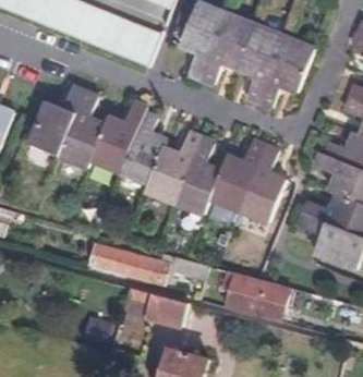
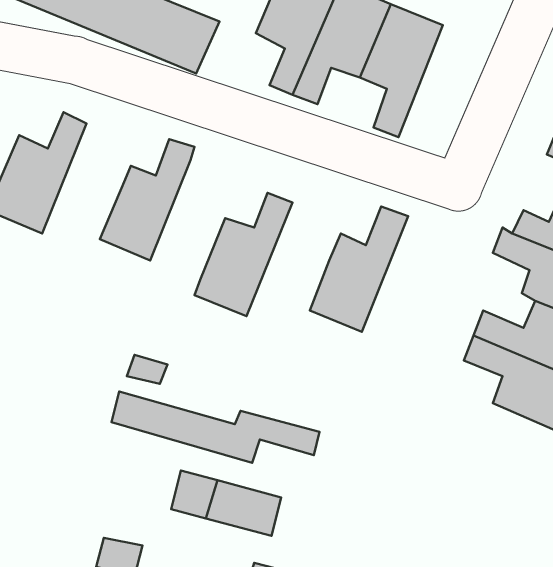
building: [259,37,314,106] -> none
building: [58,93,105,167] -> none
building: [119,113,165,181] -> none
building: [173,137,220,212] -> none
building: [239,145,286,222] -> none
building: [230,272,297,323] -> none

